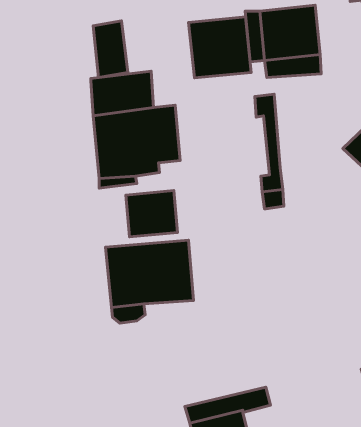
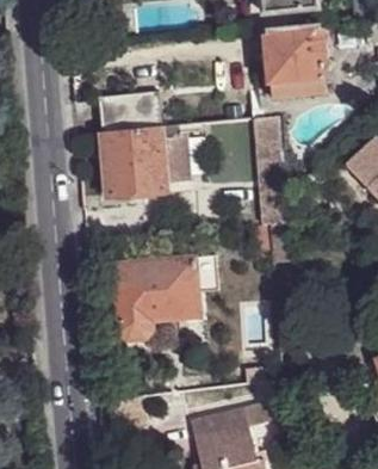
building: [189,17,251,78] -> none
building: [93,21,128,78] -> none
building: [126,191,178,237] -> none

